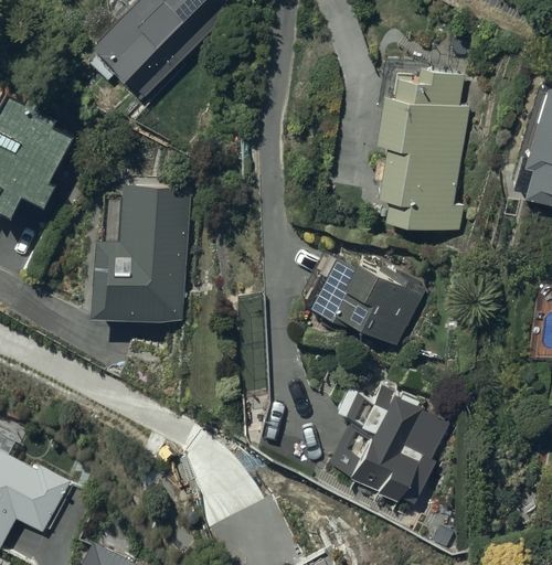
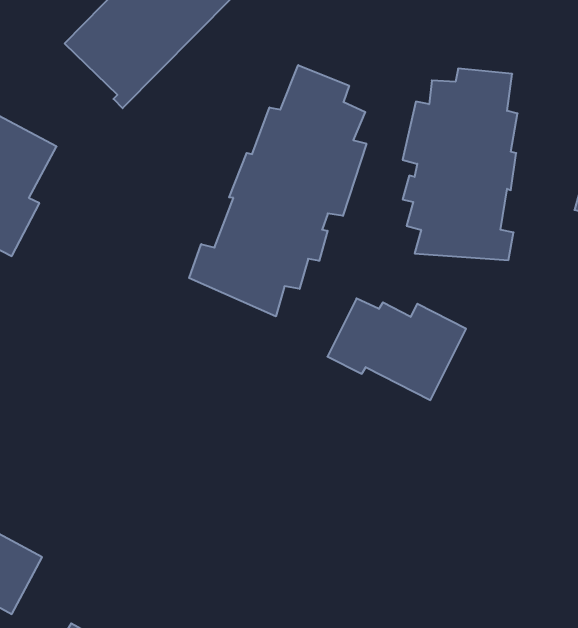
building: none -> [189,65,366,316]
building: [91,188,187,322] -> none
building: [328,384,423,502] -> none

